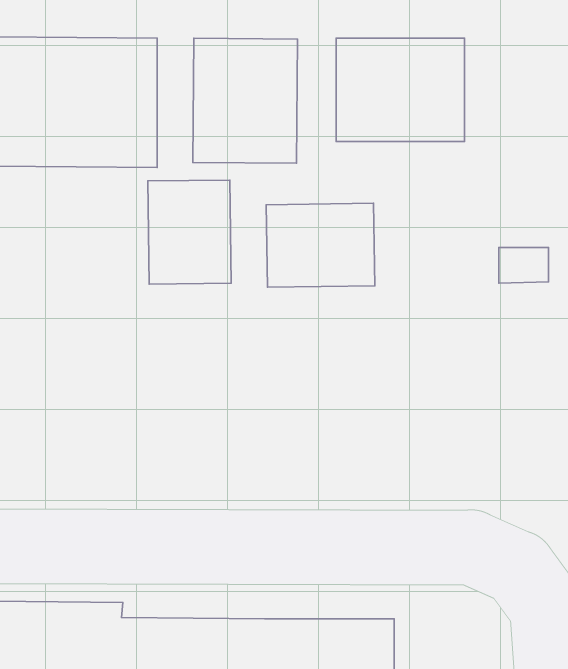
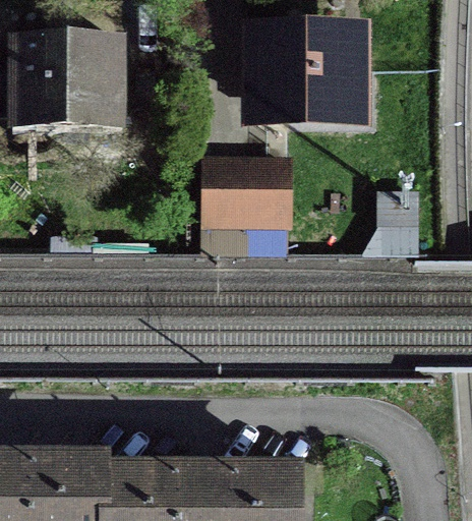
building: [193,38,298,163] -> none
building: [148,180,231,284] -> none

